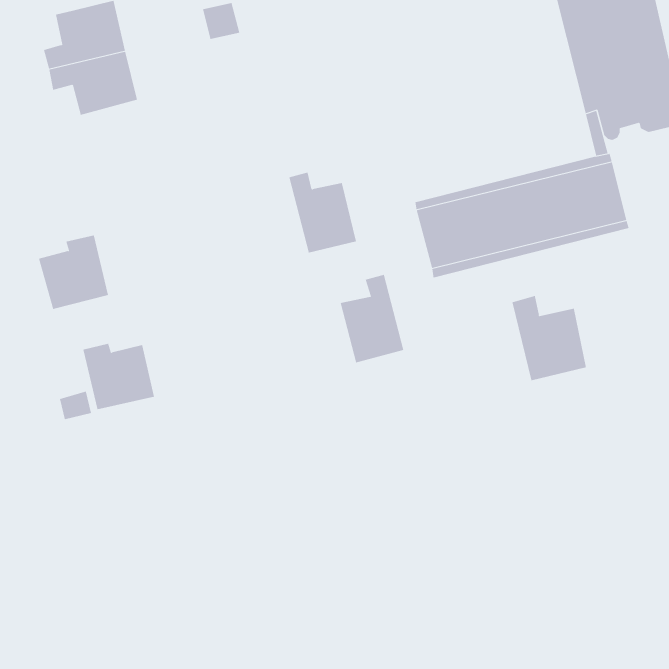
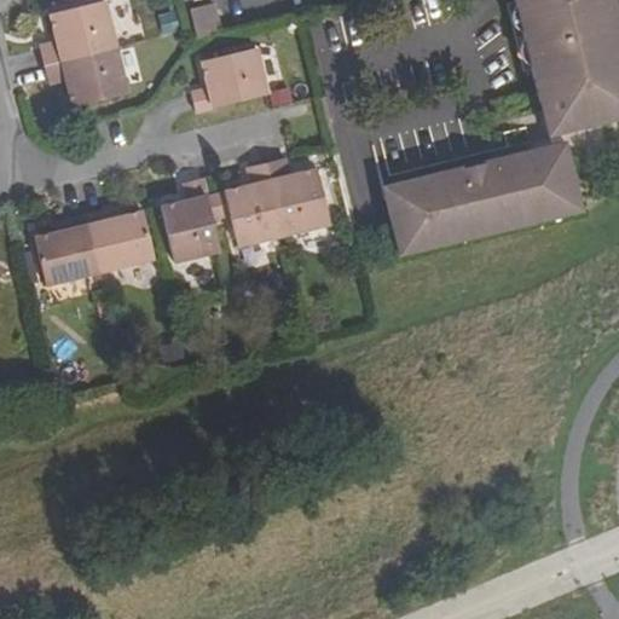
building: none -> [193,47,270,111]
building: none -> [162,179,221,261]
building: [340,274,404,363] -> [226,163,285,245]
building: [512,295,587,381] -> none
building: [83,343,155,410] -> [88,210,155,272]

